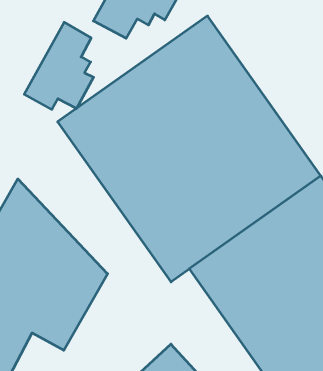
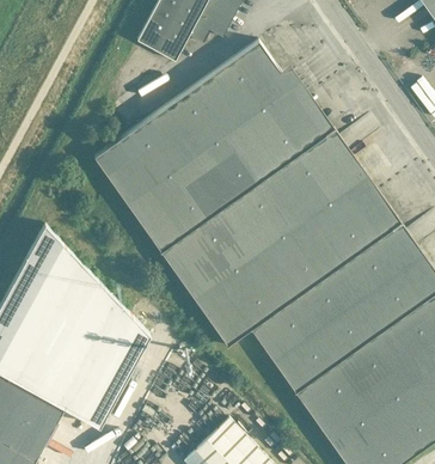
building: [24,22,94,109] -> none

